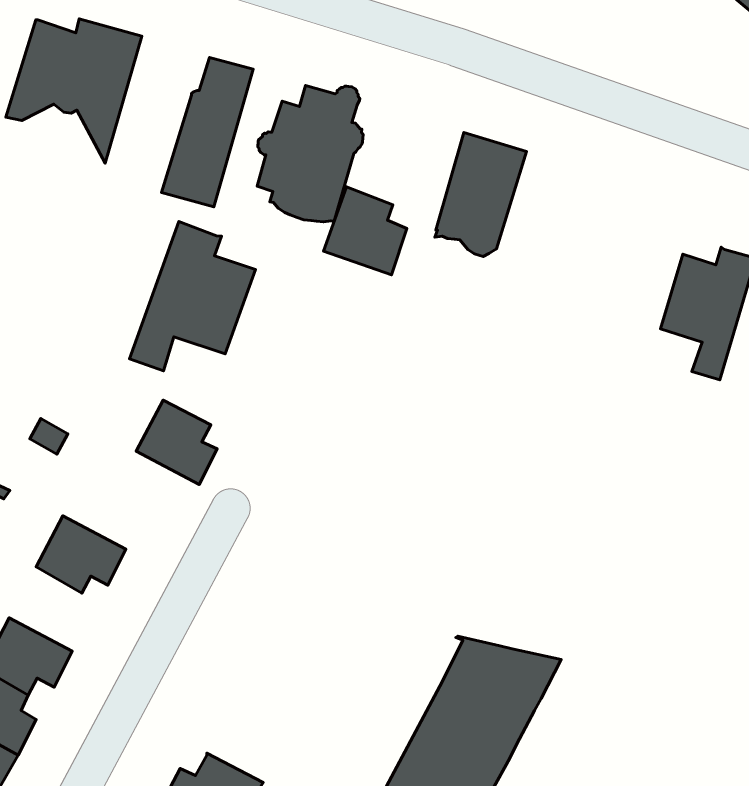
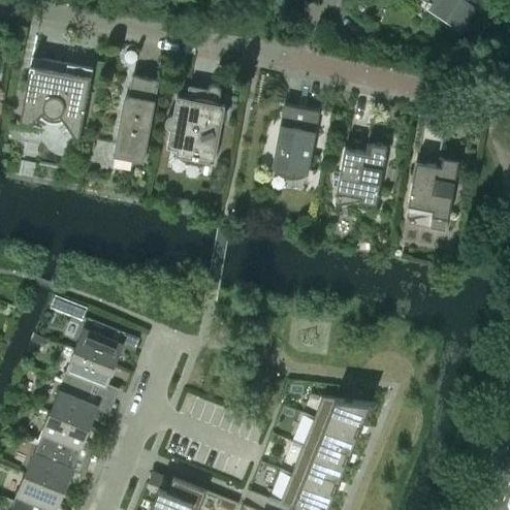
building: [324,187,407,275] -> none
building: none -> [337,142,388,205]
building: [129,221,255,371] -> none
building: [136,400,217,485] -> [76,318,123,364]
building: none -> [52,380,98,426]

